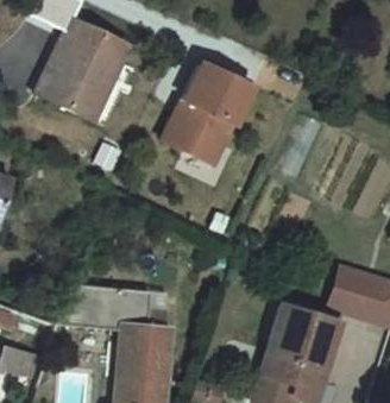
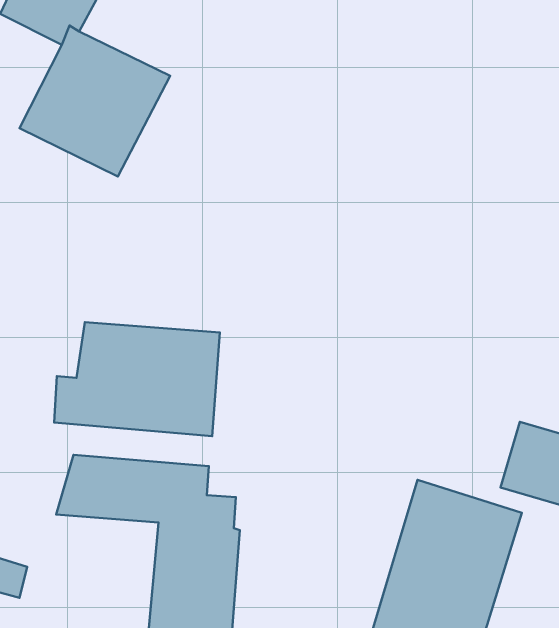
building: [162,56,253,162] -> none
building: none -> [54,322,220,436]

